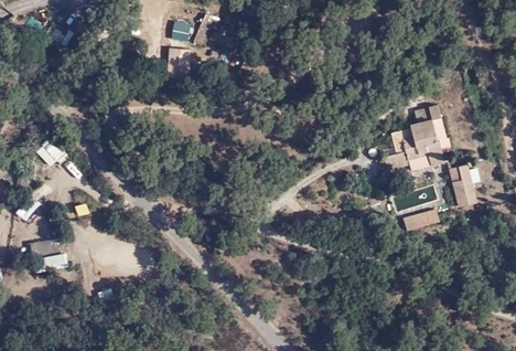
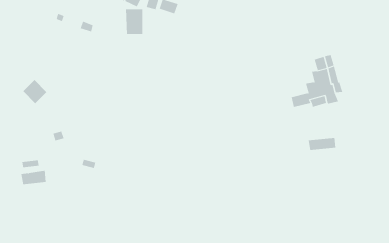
building: [449,164,476,209] -> none

